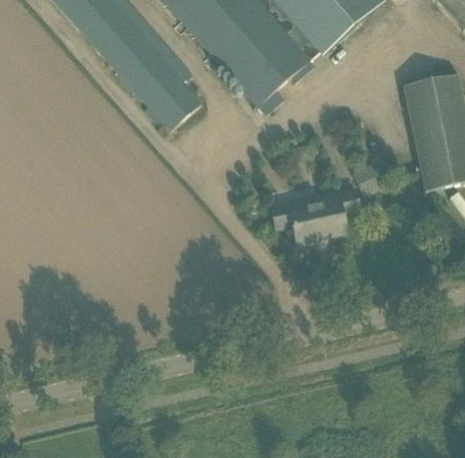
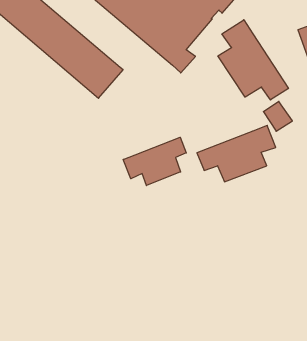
building: none -> [218,20,288,100]
building: none -> [123,137,186,186]

